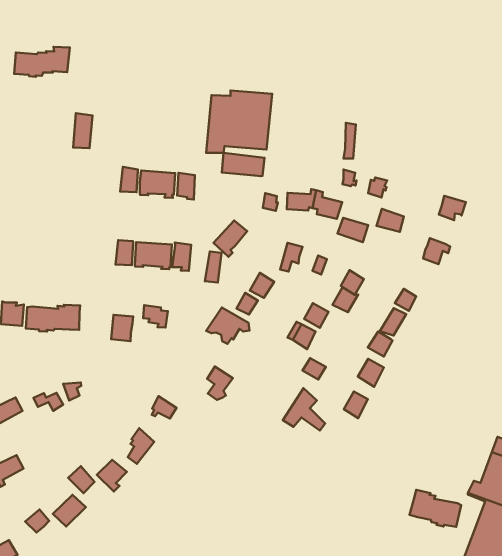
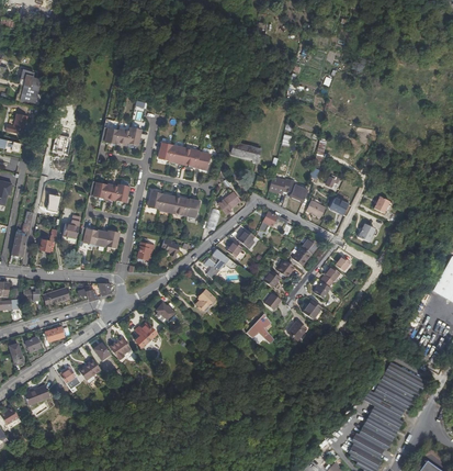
building: [14,47,70,77] -> [102,125,143,144]
building: [206,90,272,153] -> none
building: none -> [90,179,129,201]
building: [409,490,461,527] -> none

